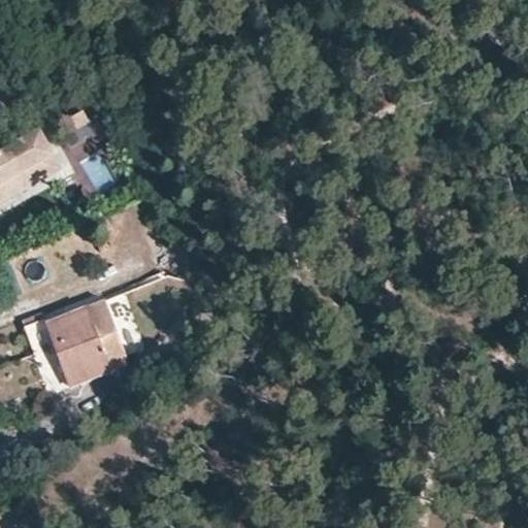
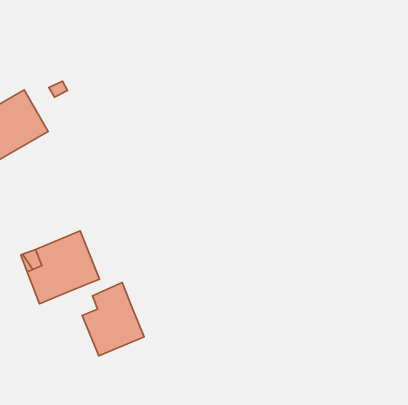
building: none -> [82,283,144,356]

